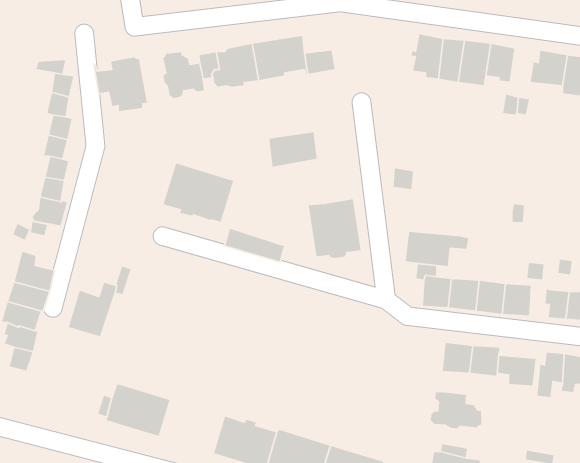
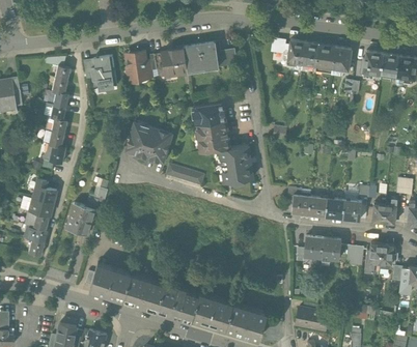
building: none -> [196,121,229,153]
building: [405,231,469,267] -> none
building: [430,391,482,429] -> none
building: none -> [124,273,166,308]

